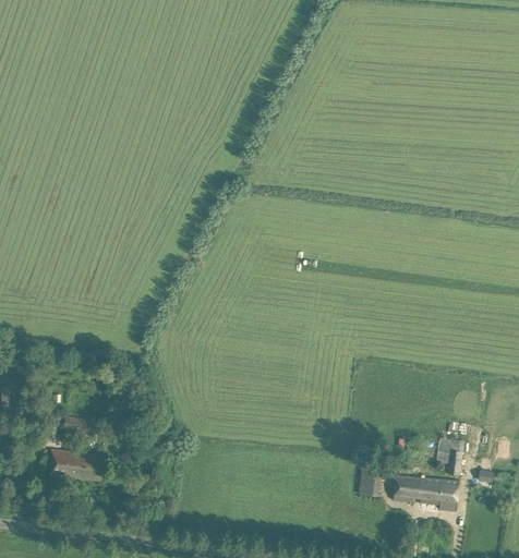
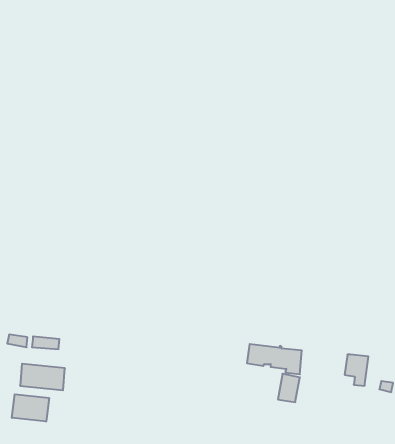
building: [391,475,457,511] -> [247,344,302,374]
building: none -> [12,394,49,422]

